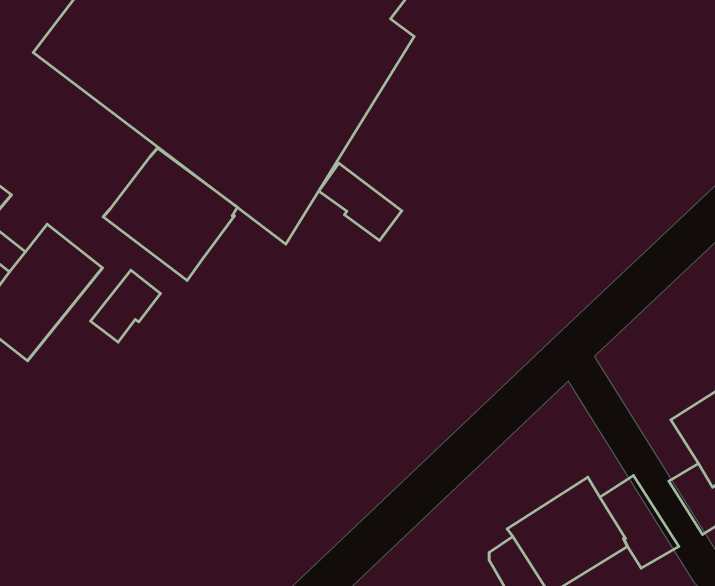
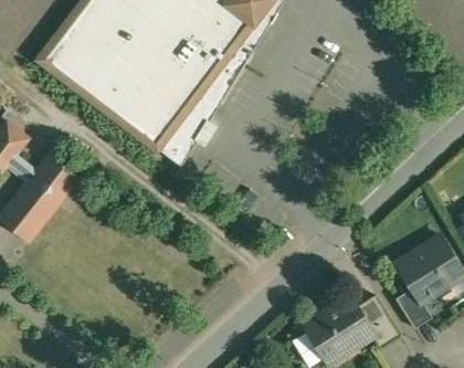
building: [103,148,237,281] -> none
building: [319,163,402,241] -> none
building: [91,270,160,342] -> none

